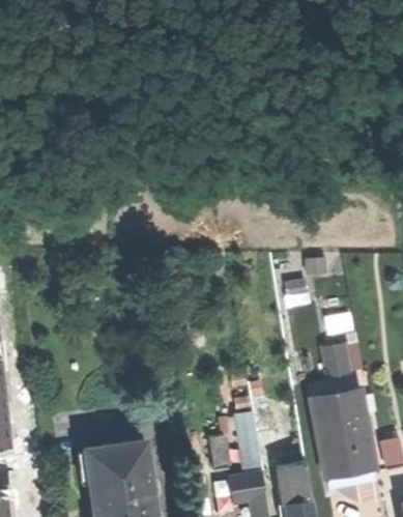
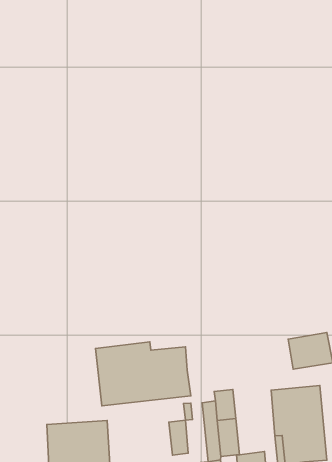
building: none -> [96,342,191,406]

